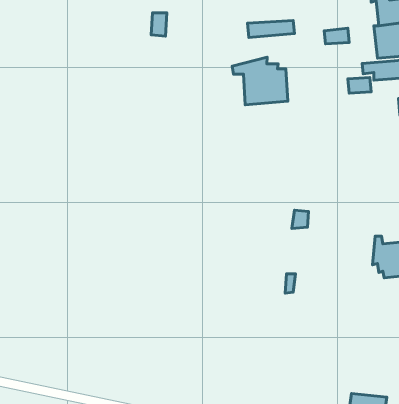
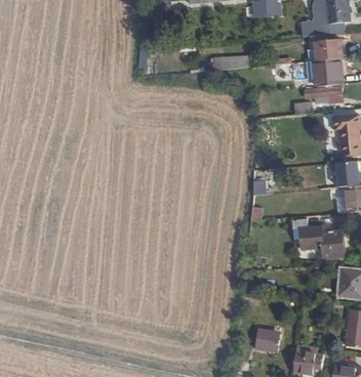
building: [232,57,288,105] -> none
building: none -> [291,216,315,249]
building: none -> [254,327,280,350]

